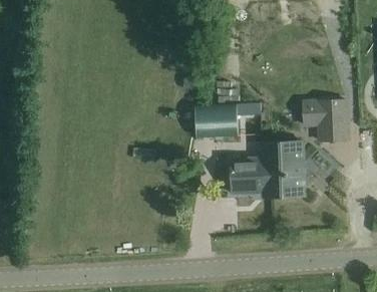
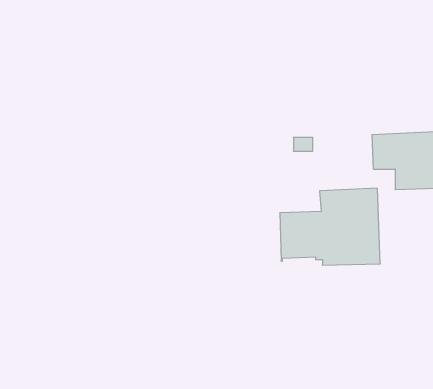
building: [194,104,238,136] -> none

